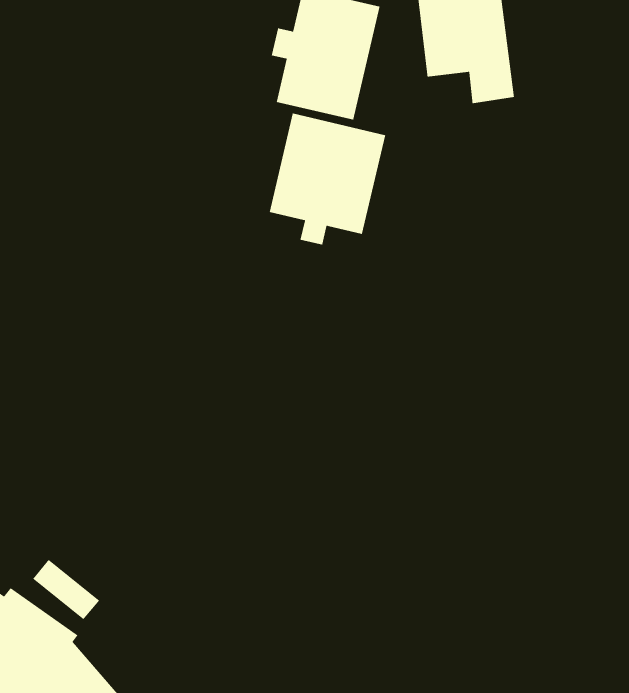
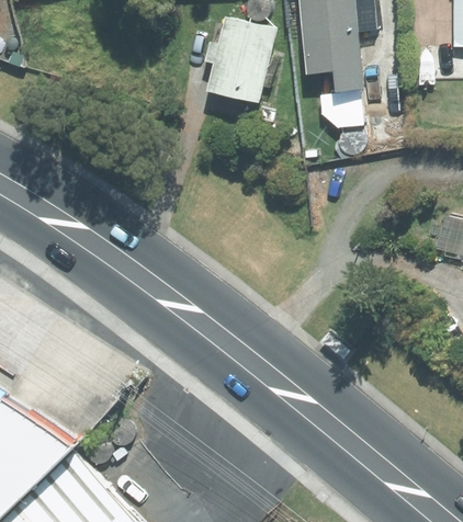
building: [269,113,386,245] -> none

